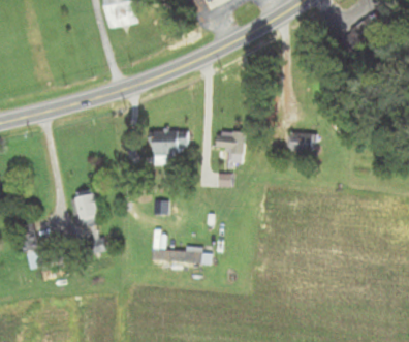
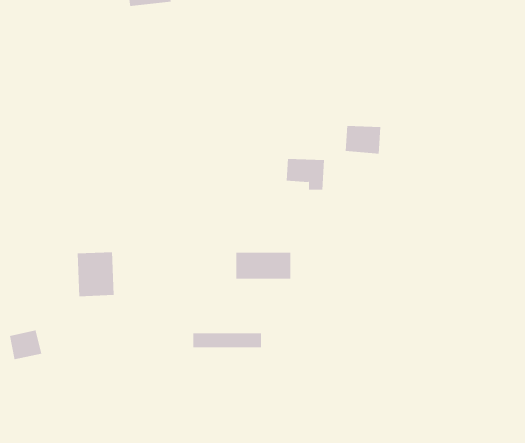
building: [149,130,187,149] -> [236,252,291,279]
building: [289,131,314,151] -> [345,125,381,154]

